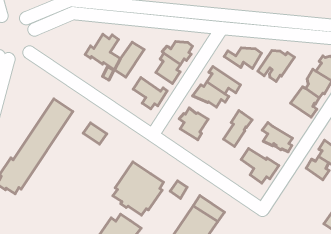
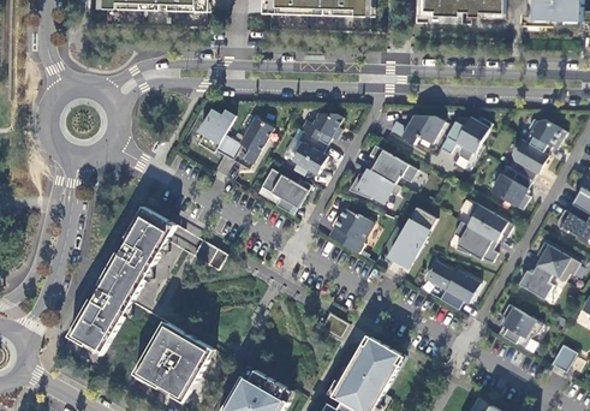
building: none -> [464,202,512,242]
building: [113,162,164,215] -> [137,321,209,398]
building: none -> [496,304,541,347]

